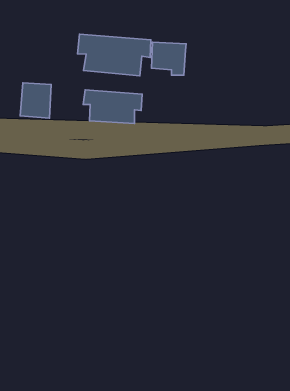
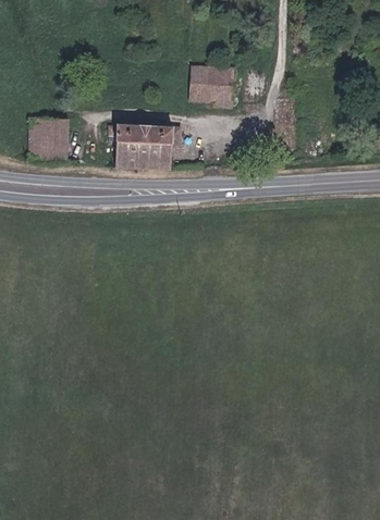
building: [77,34,151,76] -> none

